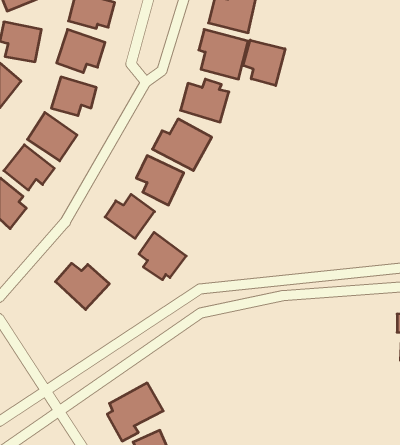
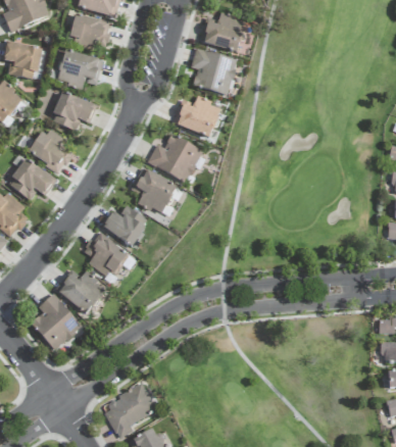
building: [243,40,285,86] -> none
building: [139,232,186,280] -> [84,232,129,277]
building: none -> [30,294,82,351]

